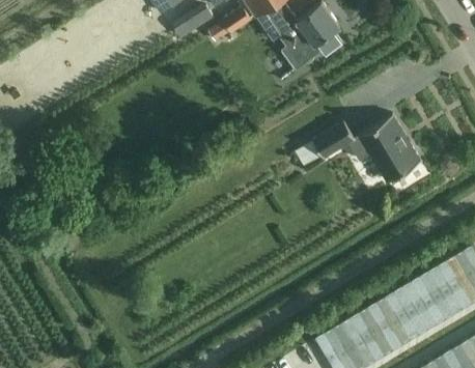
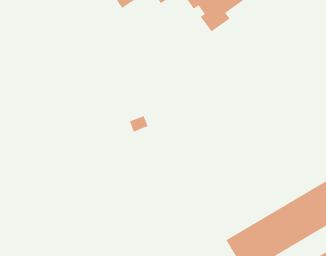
building: [312,115,420,183] -> none

